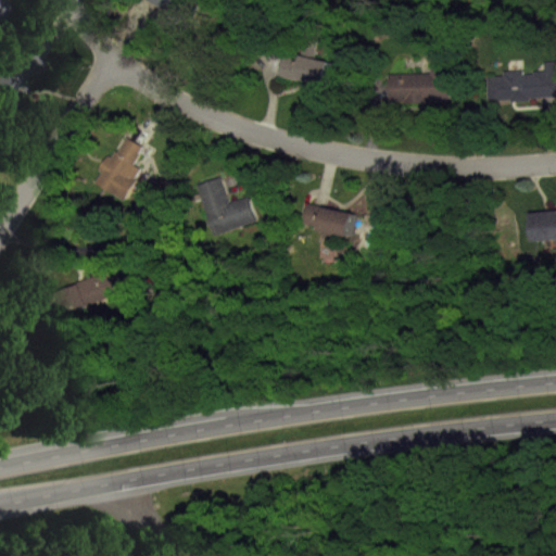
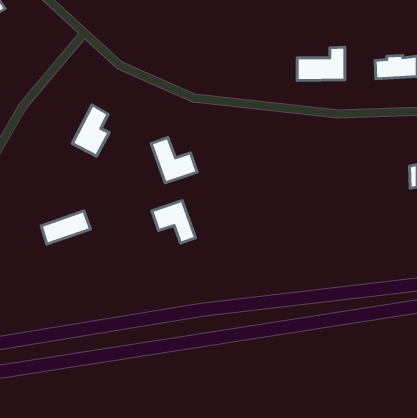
building: [276,56,327,87] -> none
building: [301,205,353,242] -> none
building: none -> [152,201,195,243]

